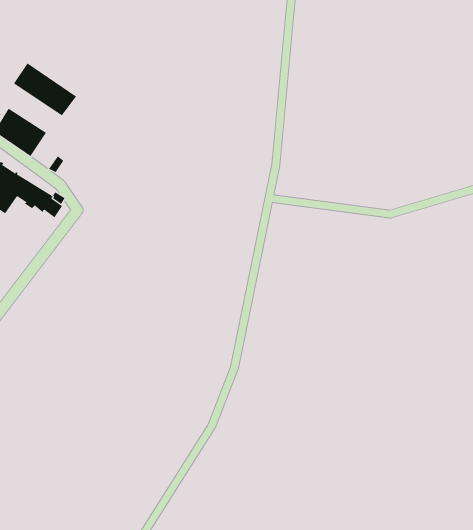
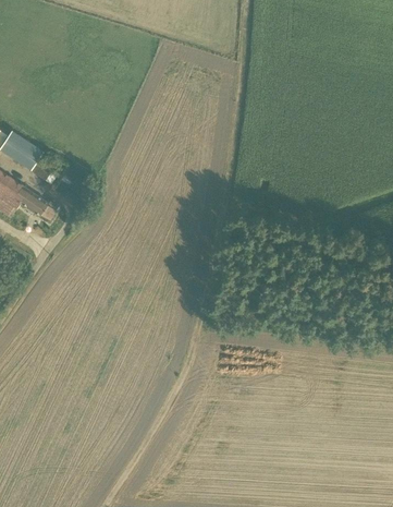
building: [13,63,77,116] -> none

